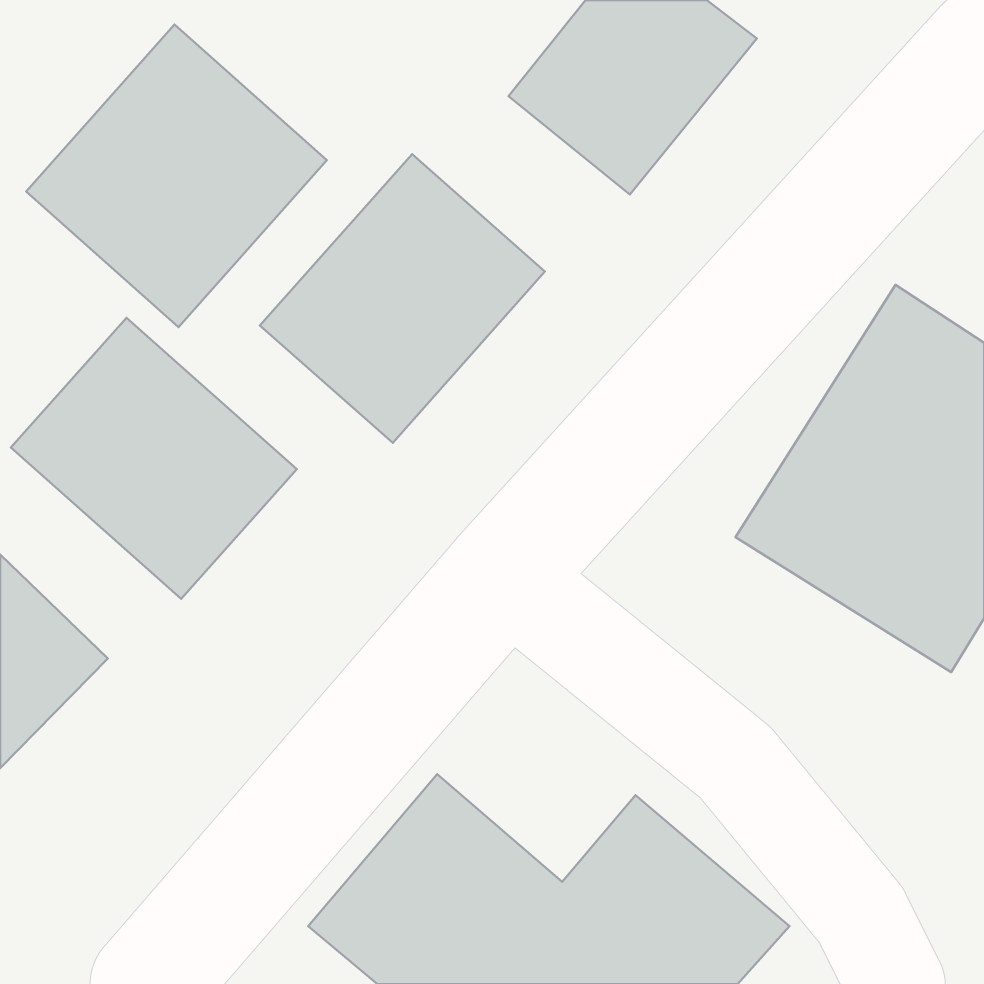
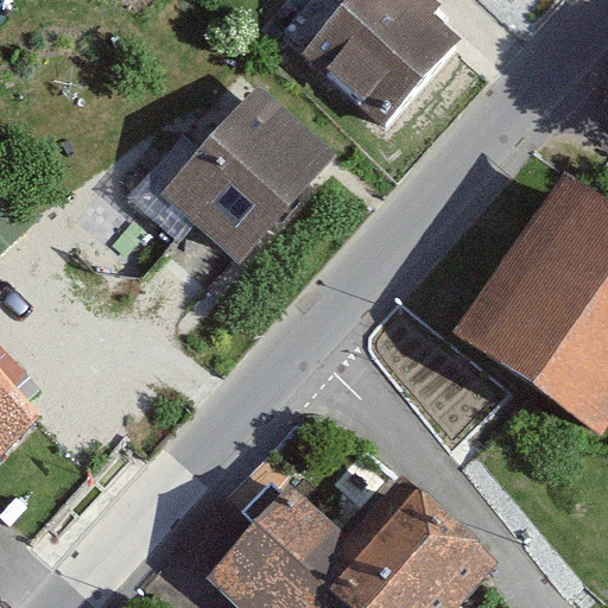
building: [26,24,327,327] -> none
building: [11,318,297,599] -> none

